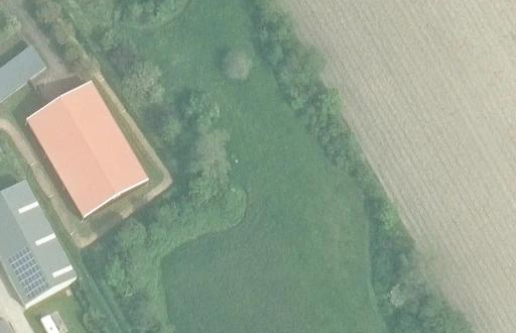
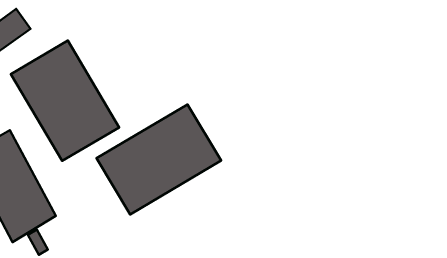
building: none -> [97,104,221,214]

